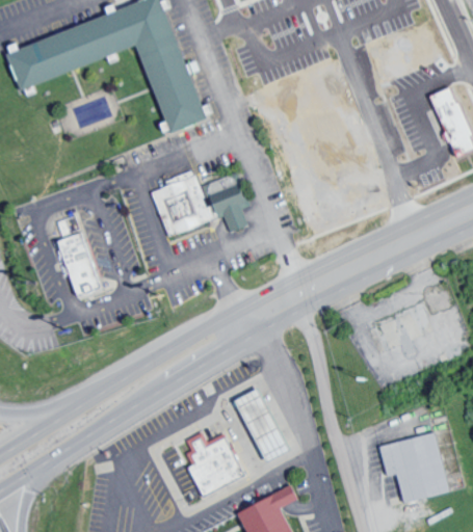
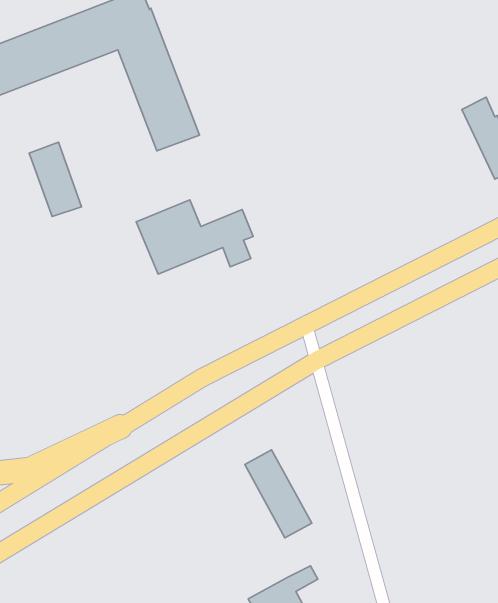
building: [54,232,99,295] -> [29,142,82,216]
building: [378,432,448,502] -> none
building: [196,436,252,496] -> none

